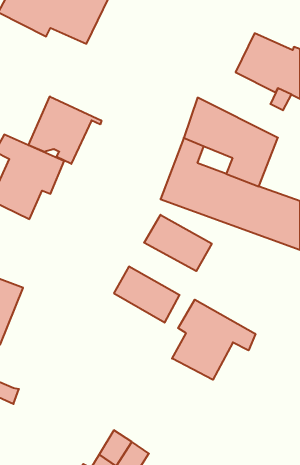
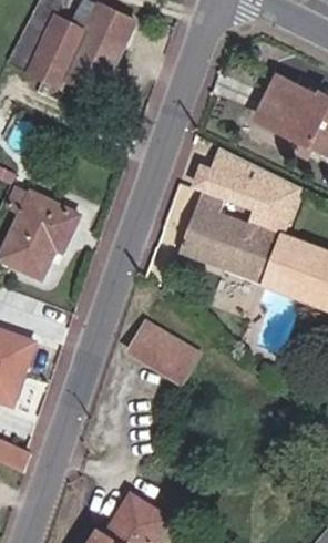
building: [28,96,101,164] -> none
building: [144,215,212,271] -> none
building: [172,300,255,380] -> none

